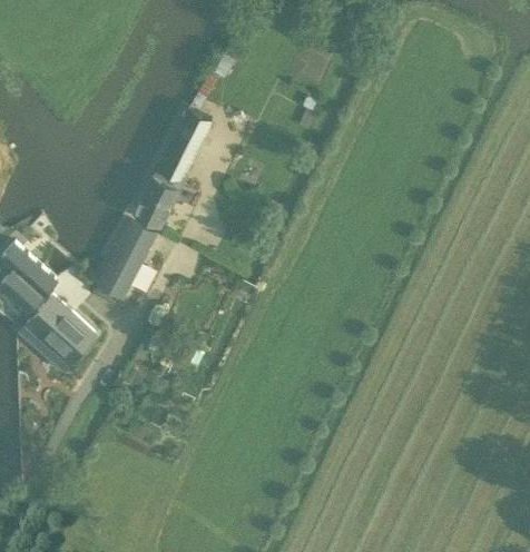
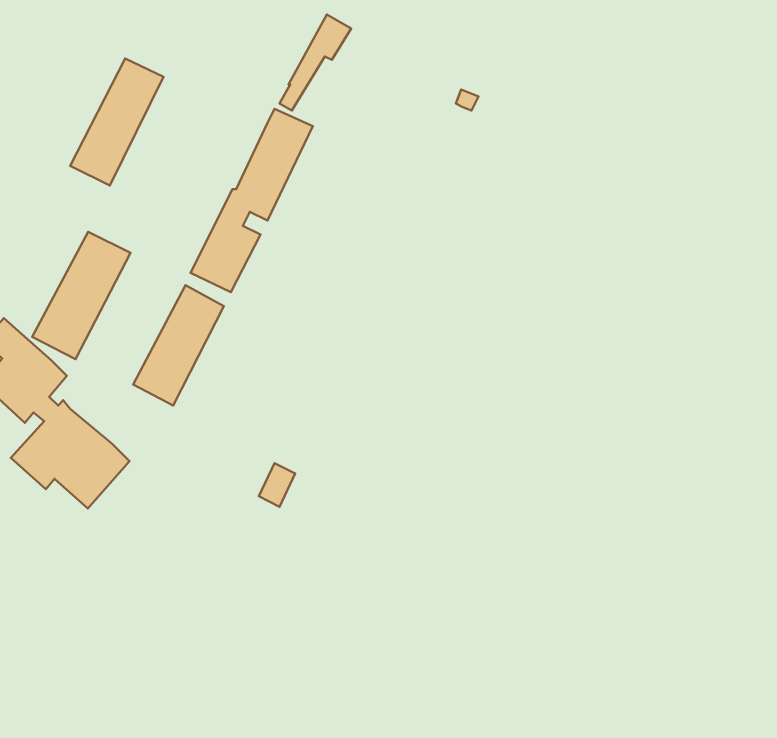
building: none -> [70,59,164,185]
building: none -> [32,232,131,359]

